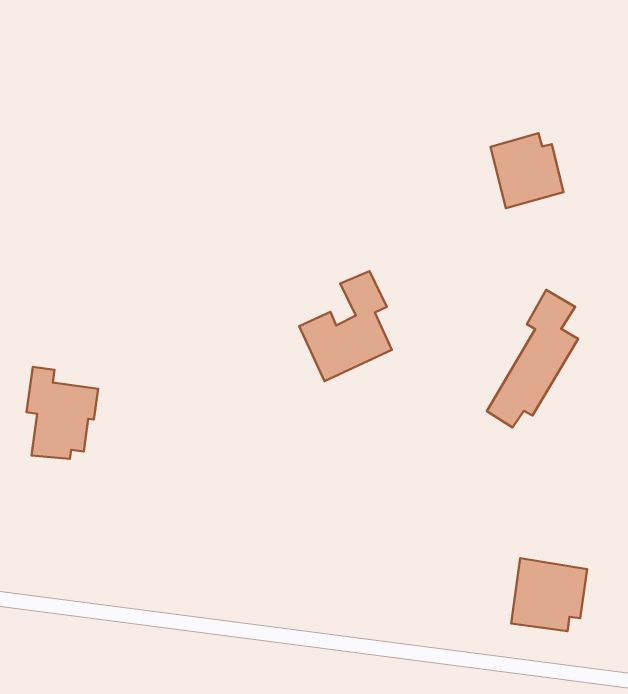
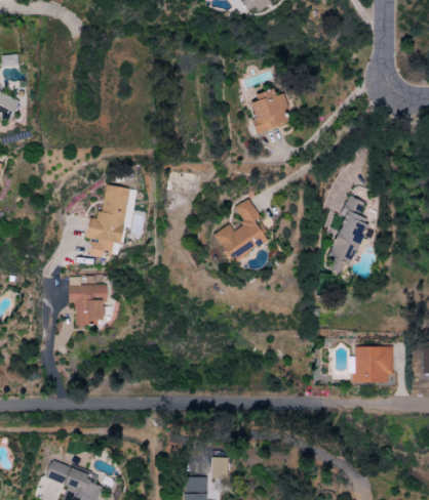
building: [490,133,564,208] -> [247,88,291,132]
building: none -> [85,184,128,257]

